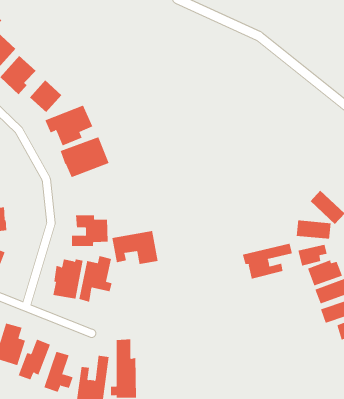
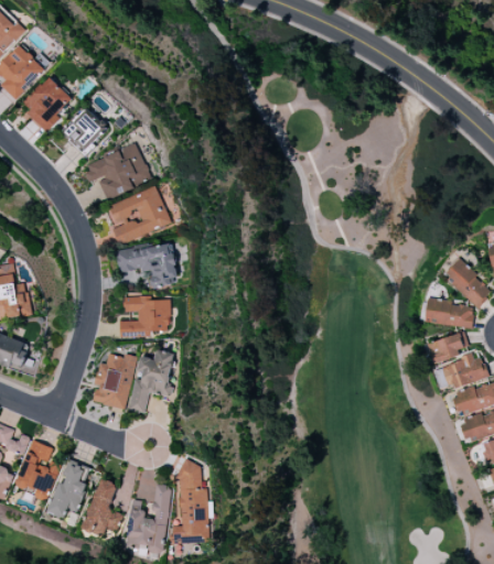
building: [111,231,158,265] -> [115,240,179,286]
building: [242,243,292,280] -> none

